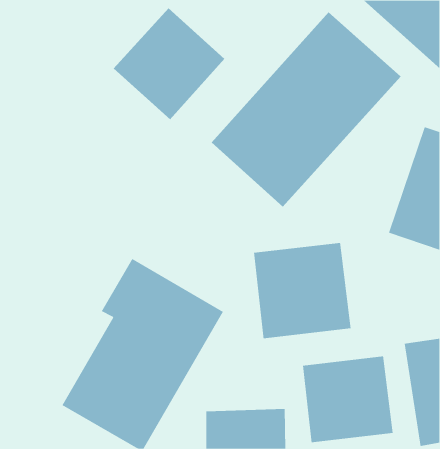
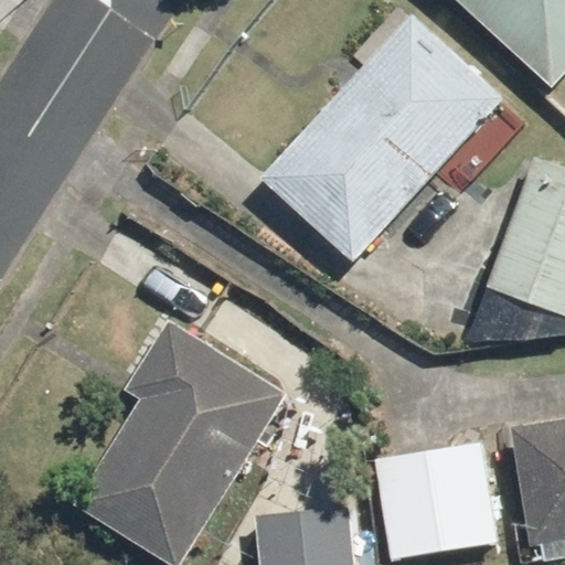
building: [113,8,225,120] -> none
building: [254,242,351,339] -> none

